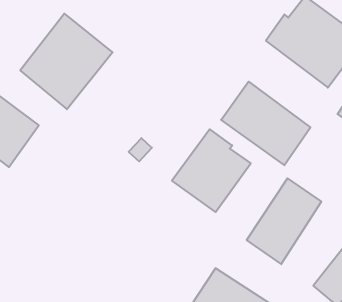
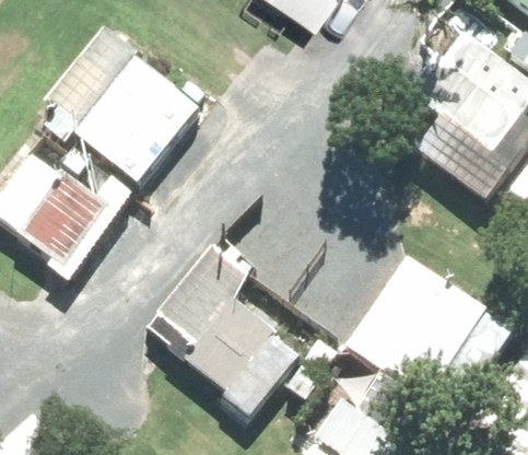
building: [221,82,310,165] -> none
building: none -> [184,296,300,431]

